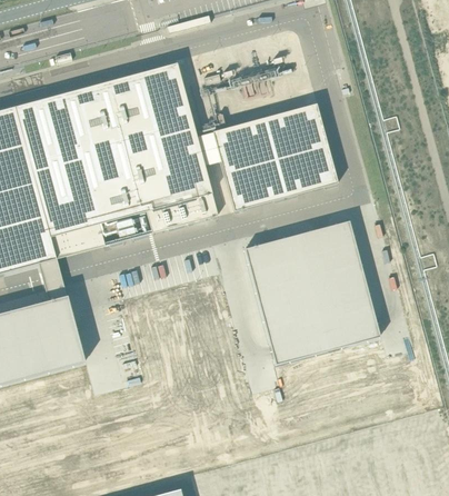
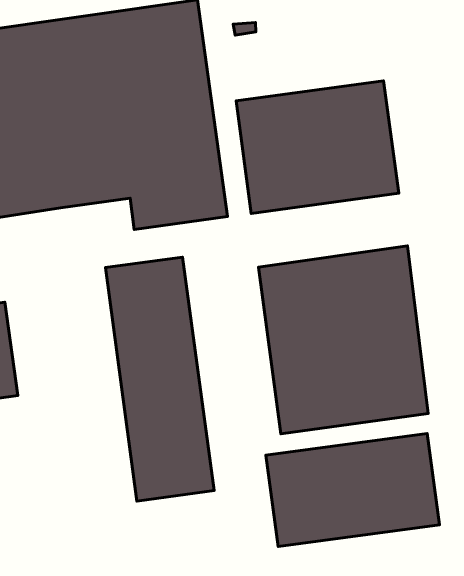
building: none -> [105,257,214,501]
building: none -> [266,434,439,547]

